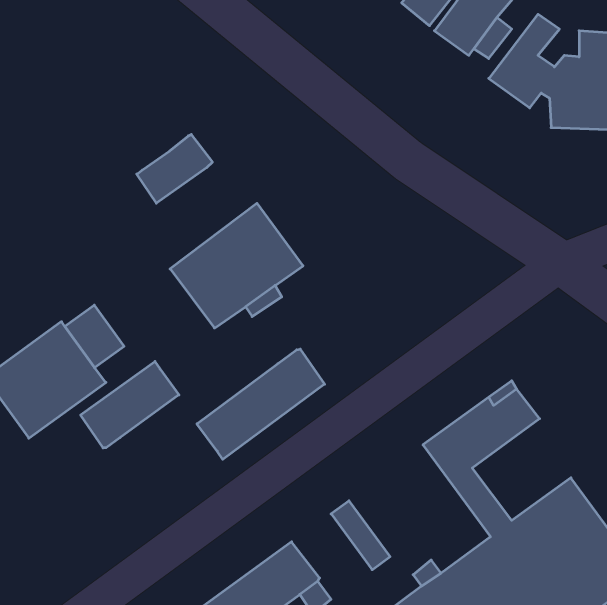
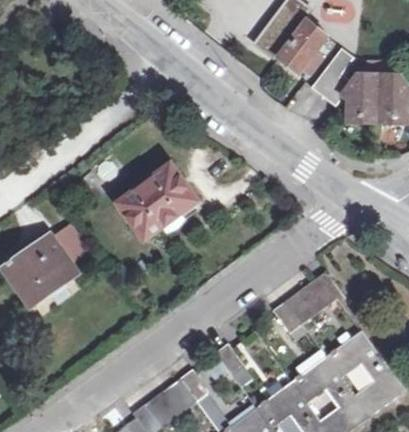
building: [137,134,212,203] -> none
building: [197,349,325,459] -> none
building: [81,361,179,448] -> none

